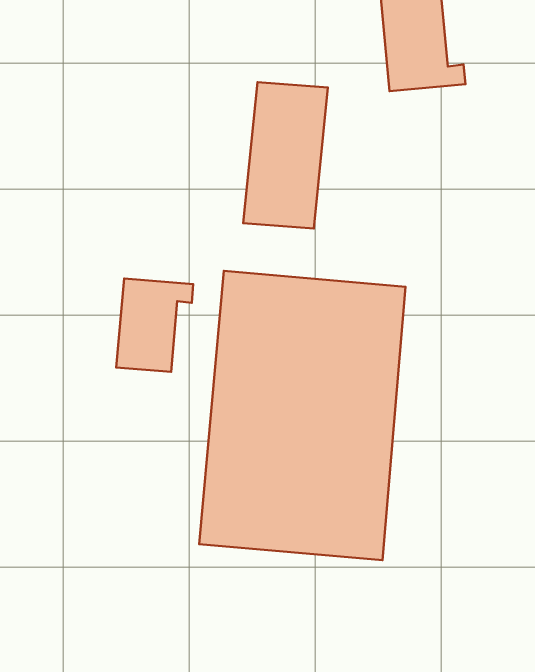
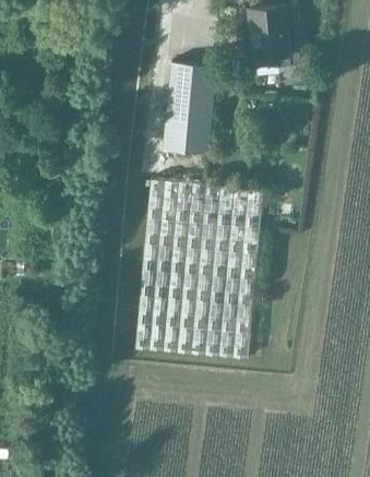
building: [116,278,193,372] -> none

